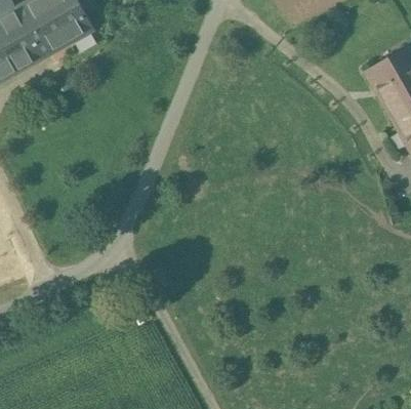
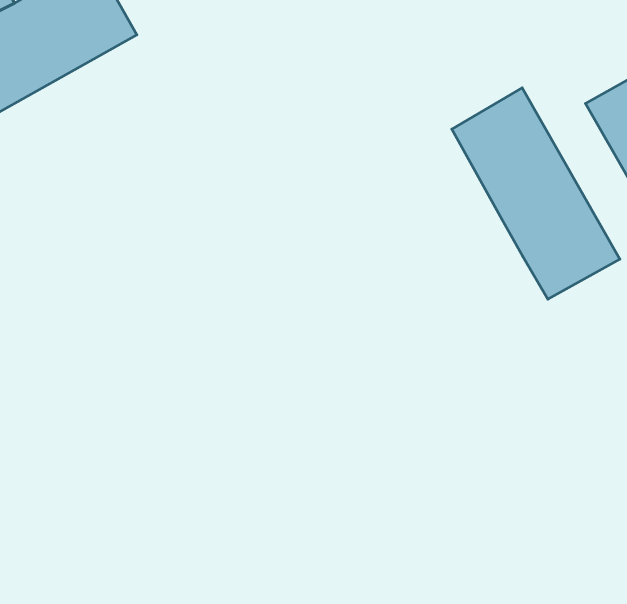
building: none -> [452,88,620,299]

